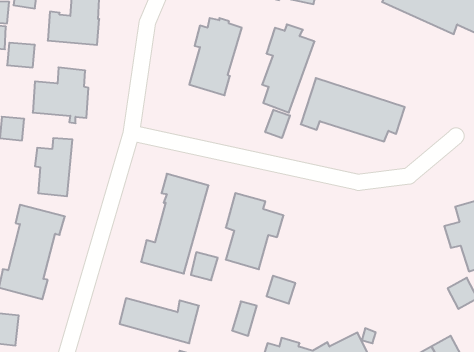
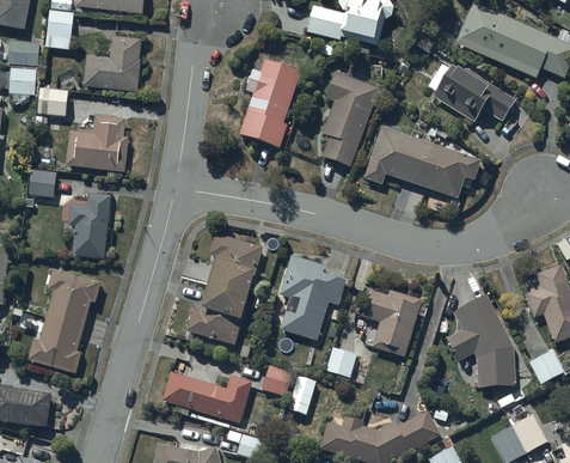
building: none -> [433,65,516,121]
building: [265,110,290,138] -> none
building: none -> [361,288,422,357]
building: none -> [447,294,514,388]
building: [191,252,218,280] -> [263,365,293,396]

